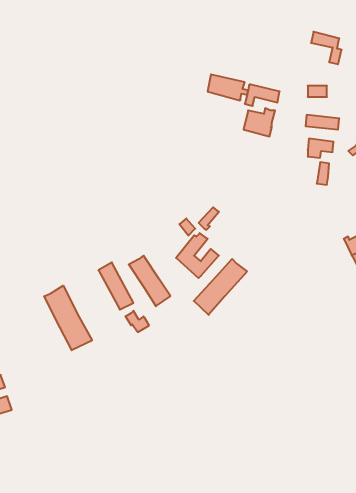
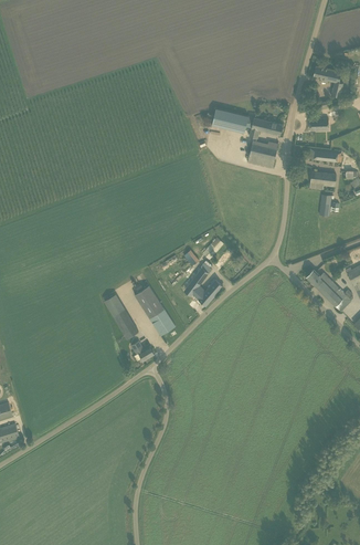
building: none -> [305,268,351,310]
building: [194,259,247,315] -> none
building: [44,286,92,350] -> none

